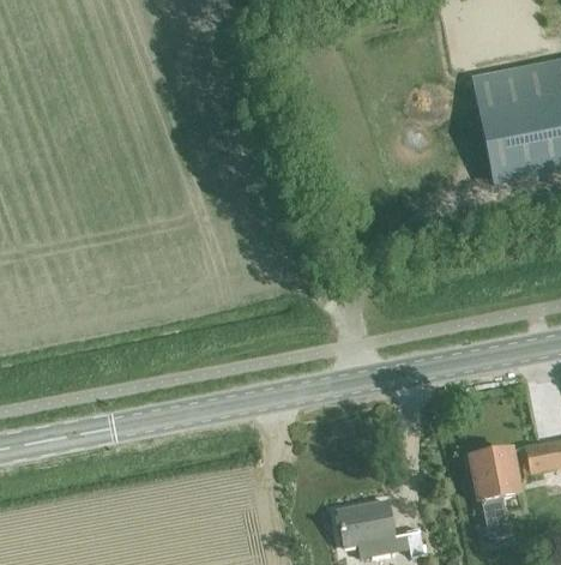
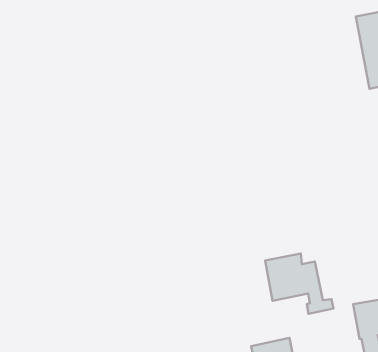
building: none -> [265,253,333,314]

